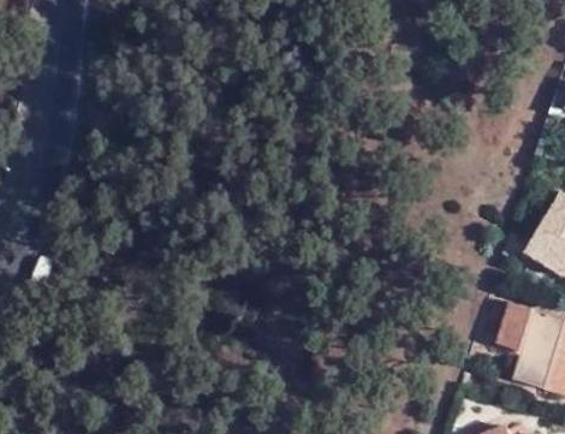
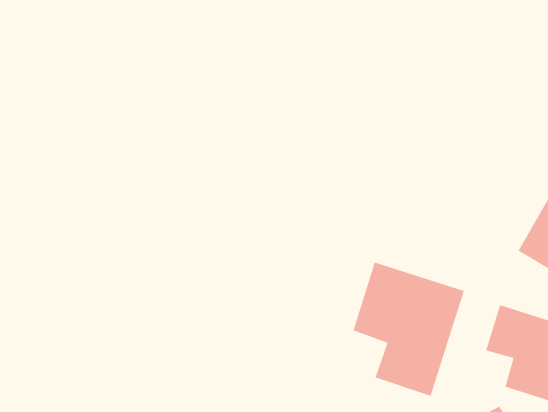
building: none -> [352,262,465,397]

